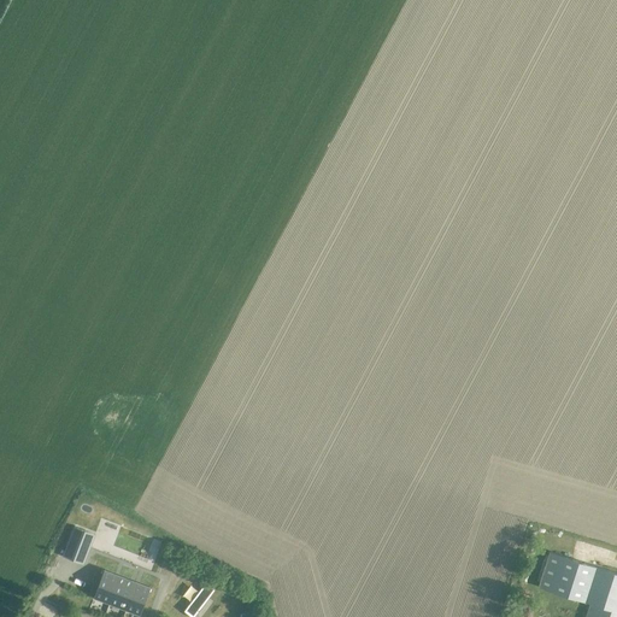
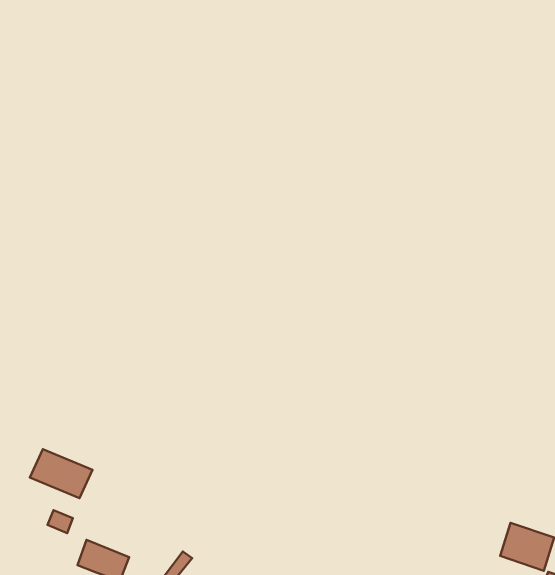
building: none -> [30,449,93,498]

